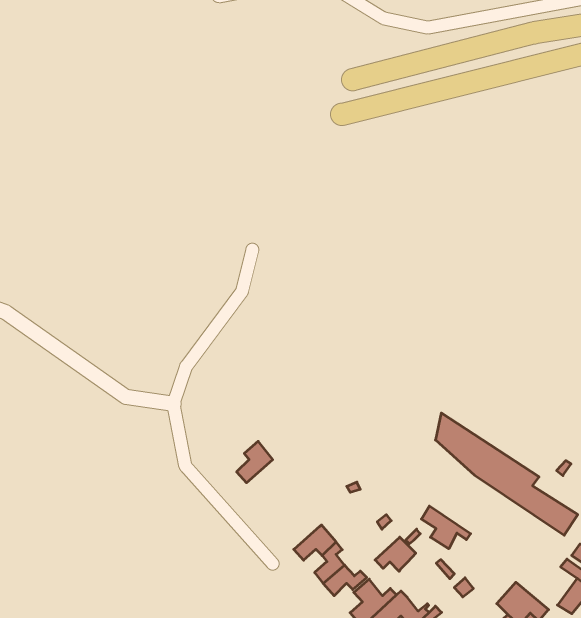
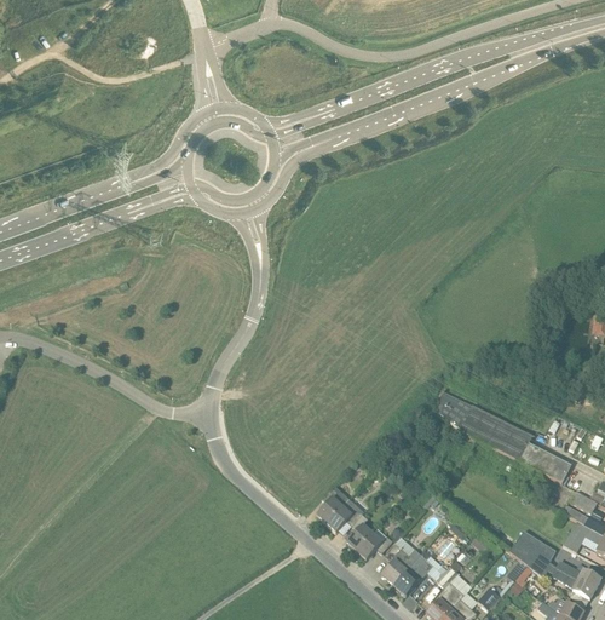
building: [237,441,273,483] -> [318,487,348,524]
building: [421,506,471,549] -> none
building: [375,537,416,571] -> none

